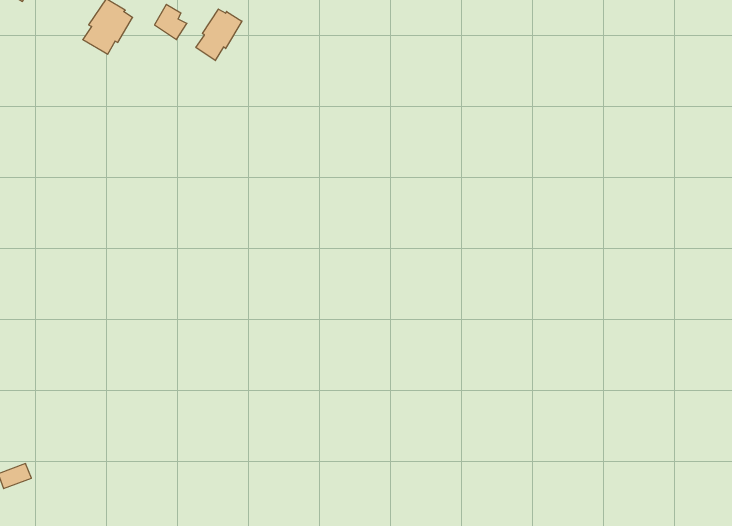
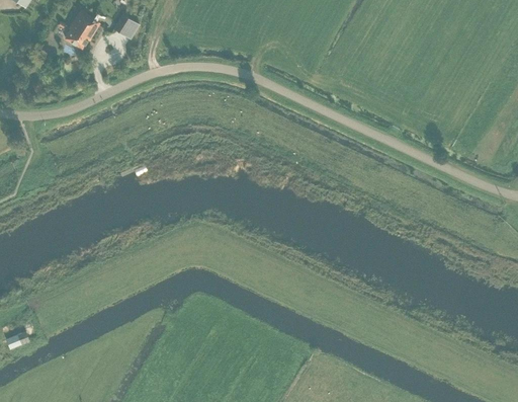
building: [196,9,242,61] -> none

